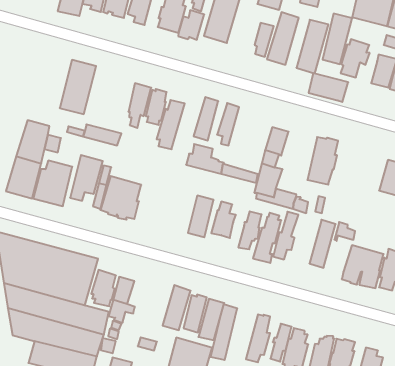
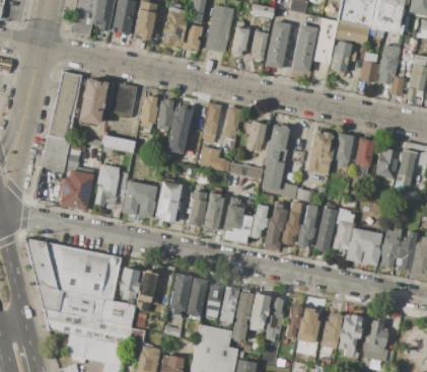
building: none -> [231,21,251,57]
building: none -> [50,71,83,139]
building: none -> [109,82,136,116]
building: [309,73,348,102] -> [336,20,371,45]
building: none -> [243,120,267,151]
building: none -> [334,133,353,168]
building: none -> [355,138,375,167]
building: none -> [155,180,182,222]
building: none -> [187,192,207,226]
building: none -> [297,205,317,248]
building: none -> [225,215,254,243]
building: none -> [333,220,354,252]
building: none -> [169,273,192,319]
building: none -> [248,293,271,330]

